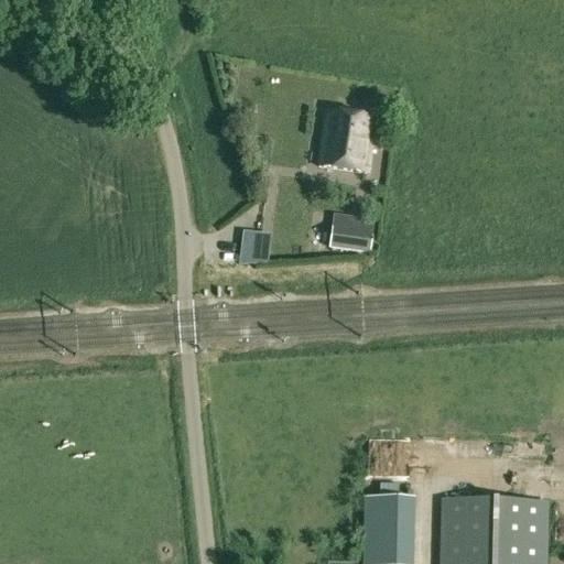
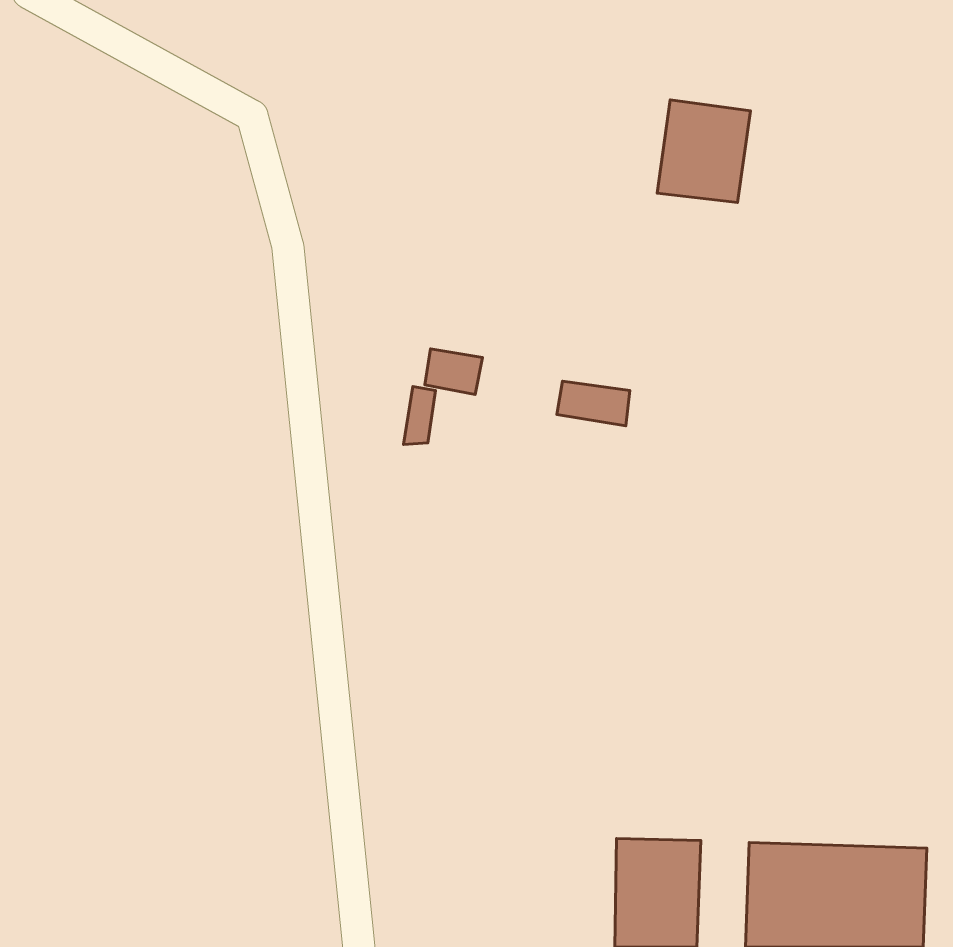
building: [319,109,375,170] -> [657,100,750,203]
building: none -> [425,349,483,395]

